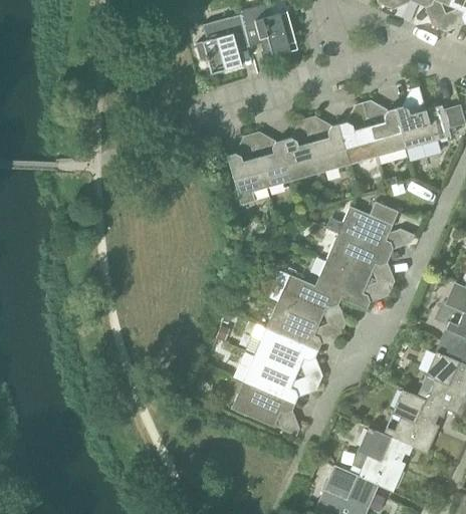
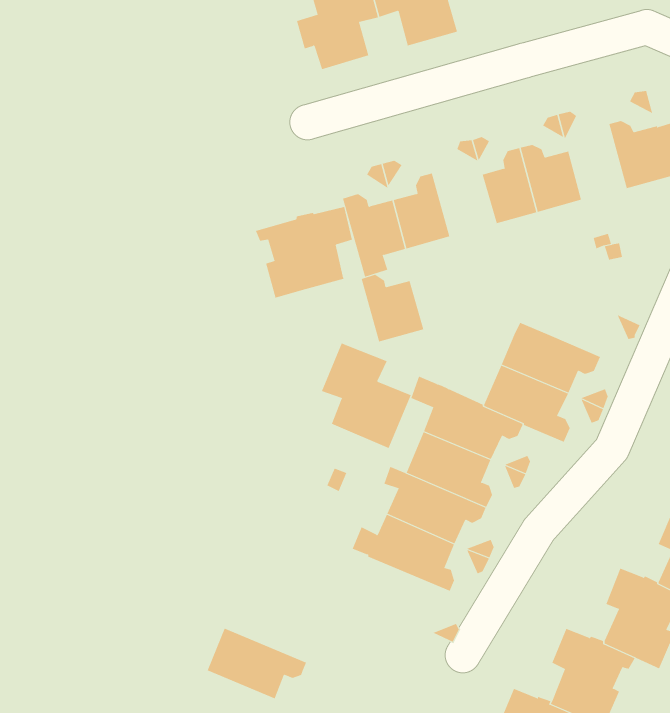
building: [370,108,406,157] -> none
building: [283,137,323,180] -> [361,274,424,342]
building: none -> [255,206,353,299]
building: [338,202,399,256] -> none
building: none -> [321,342,412,449]
building: [231,382,294,428] -> [207,628,307,699]

